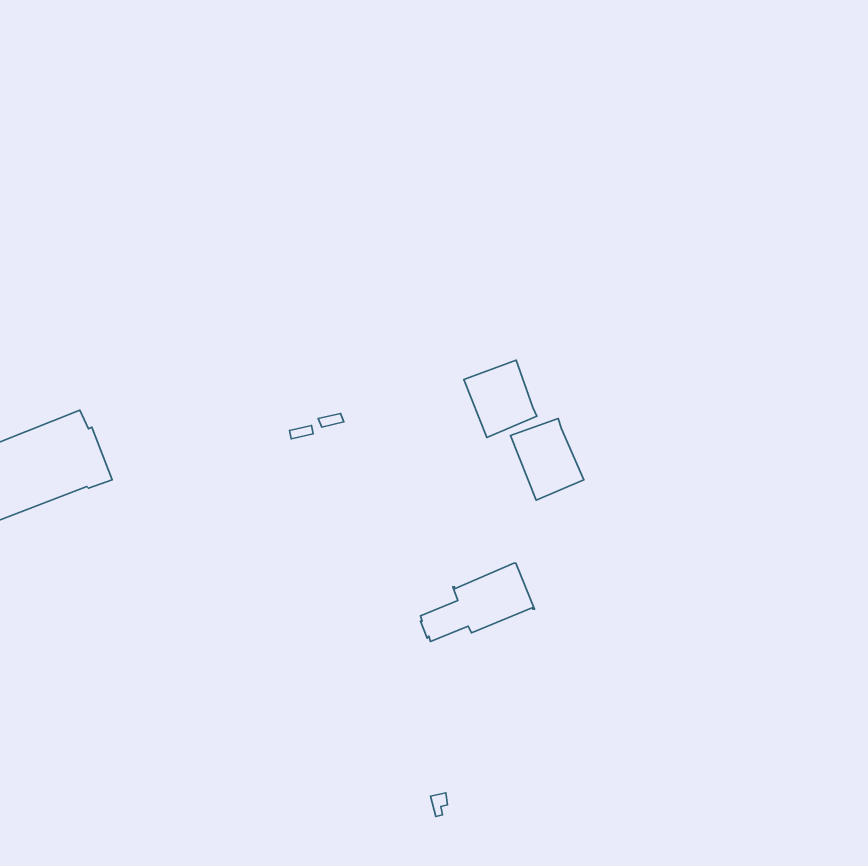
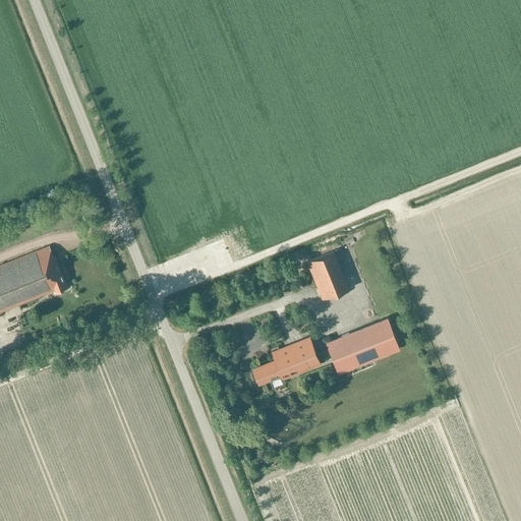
building: [464,360,537,438] -> none
building: none -> [325,319,400,374]

